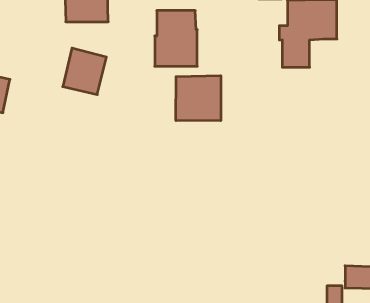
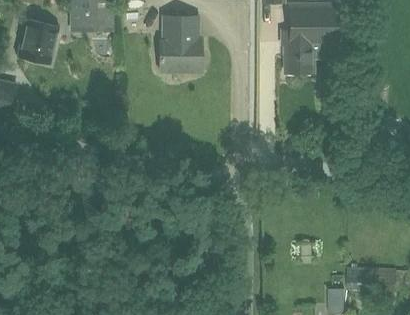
building: [63,48,106,95] -> [16,18,59,64]
building: [176,76,221,121] -> none

